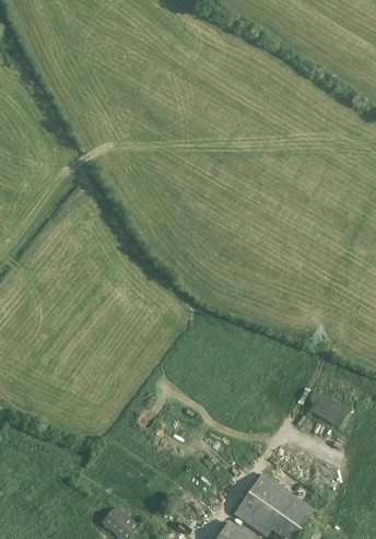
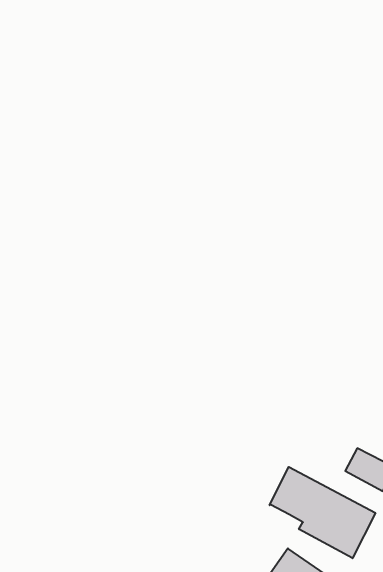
building: none -> [270,467,375,558]

